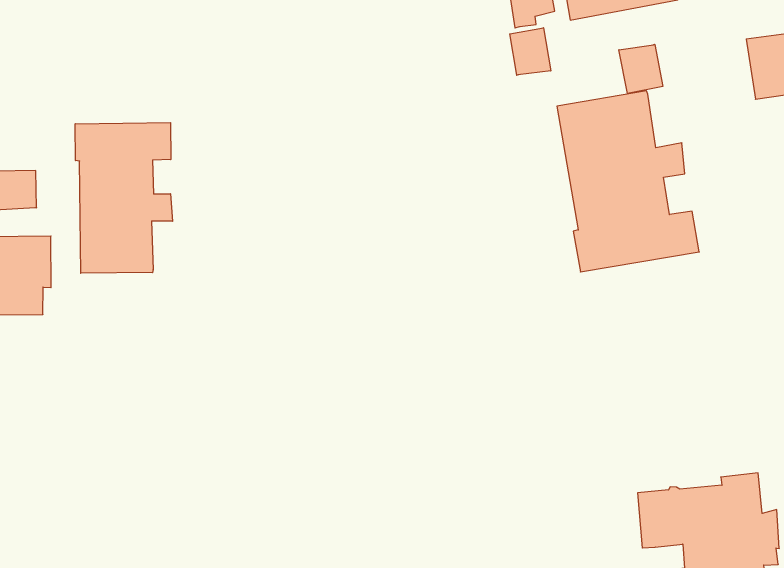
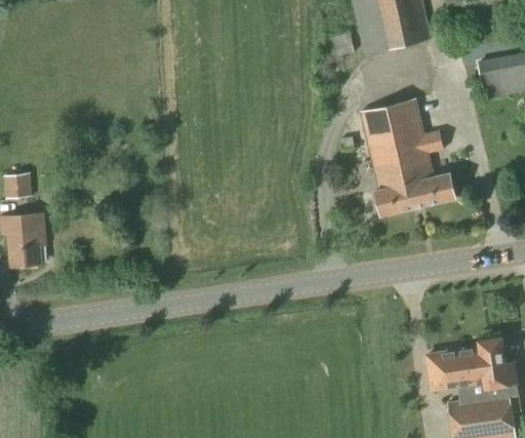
building: [510,28,551,75] -> none
building: [619,44,663,94] -> none
building: [75,123,173,273] -> none

